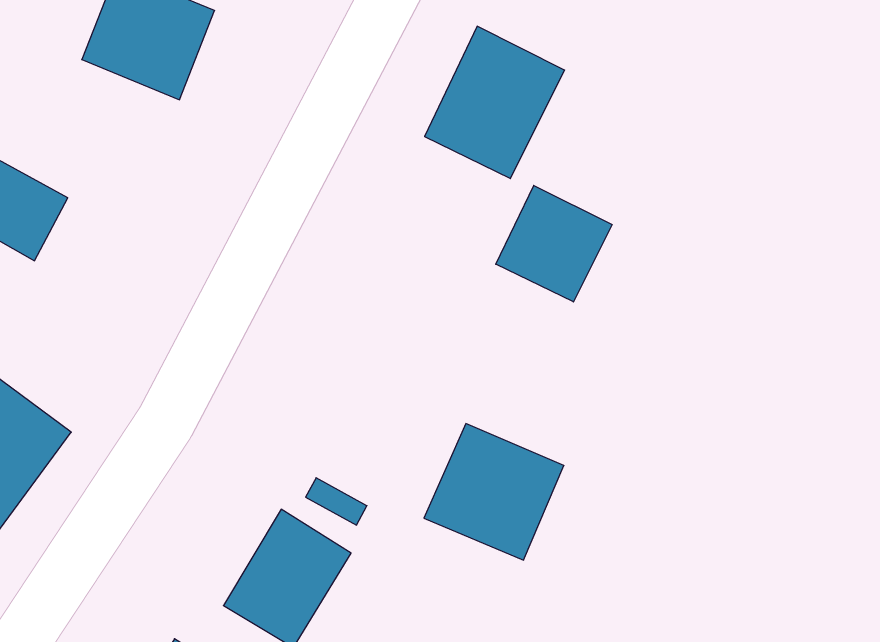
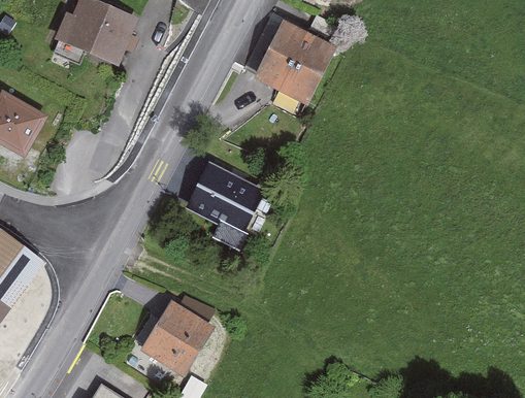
building: [496,185,612,302] -> none
building: [424,424,564,560] -> [179,169,262,250]

